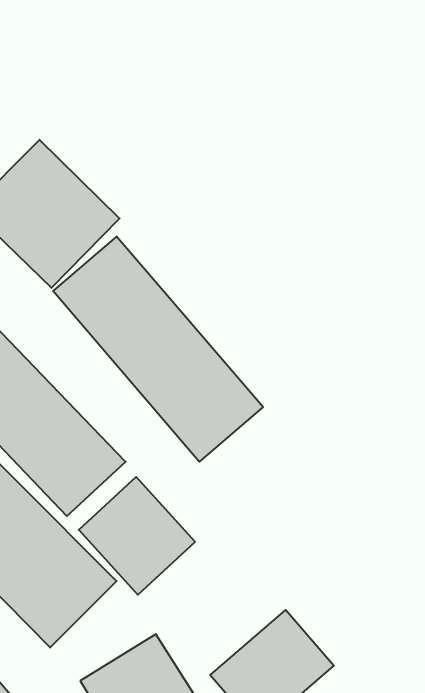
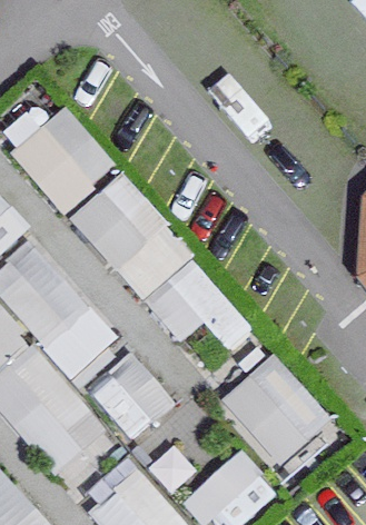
building: none -> [217,353,335,470]

